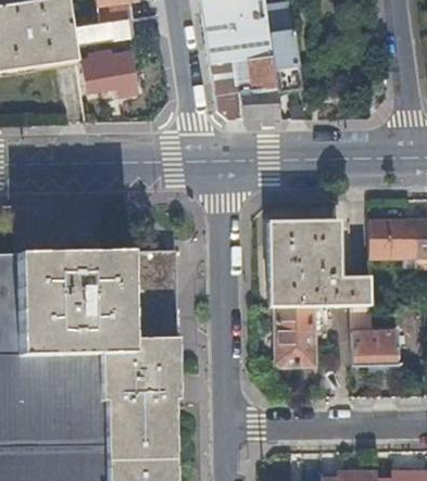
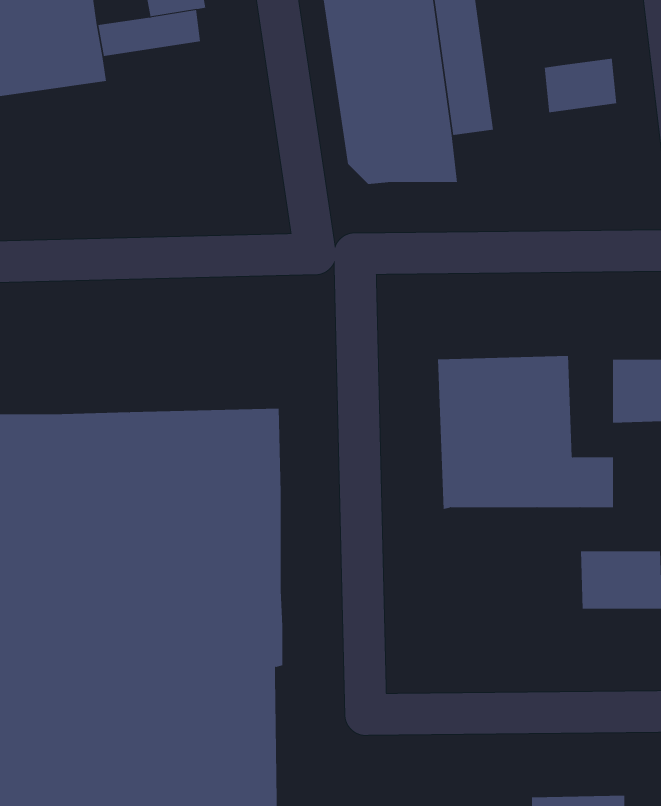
building: none -> [544,58,617,113]
building: [80,51,135,94] -> none
building: [274,306,324,365] -> none

